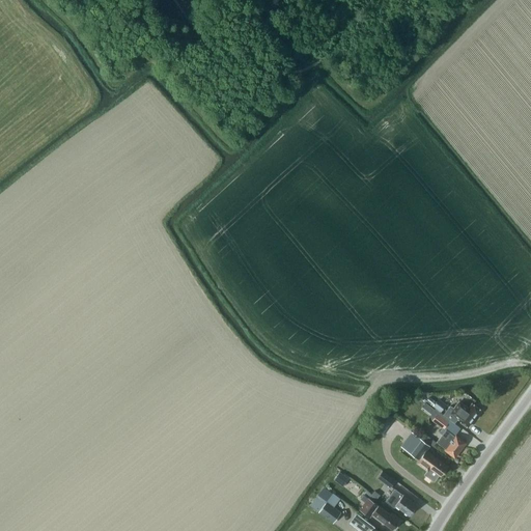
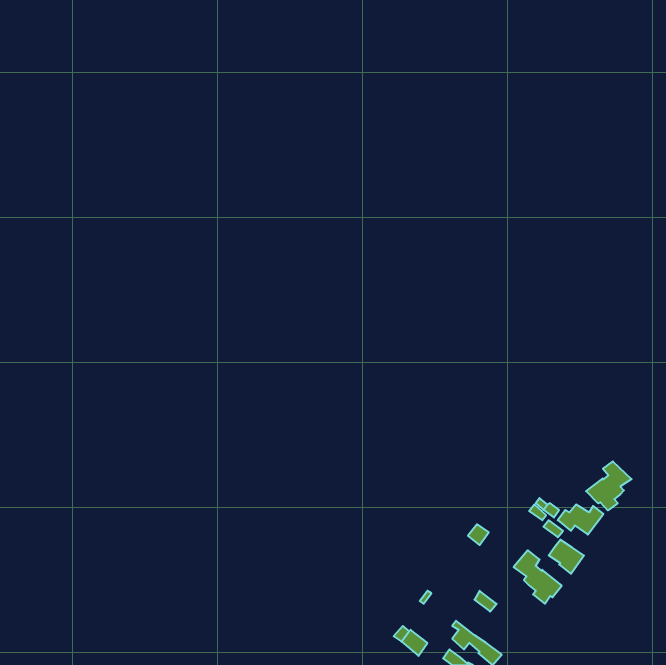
building: none -> [586,461,632,510]
building: [385,487,417,514] -> none

